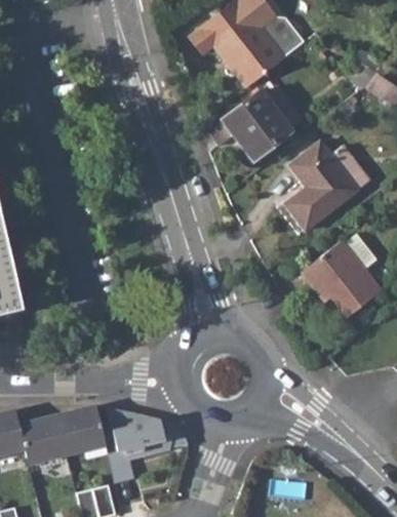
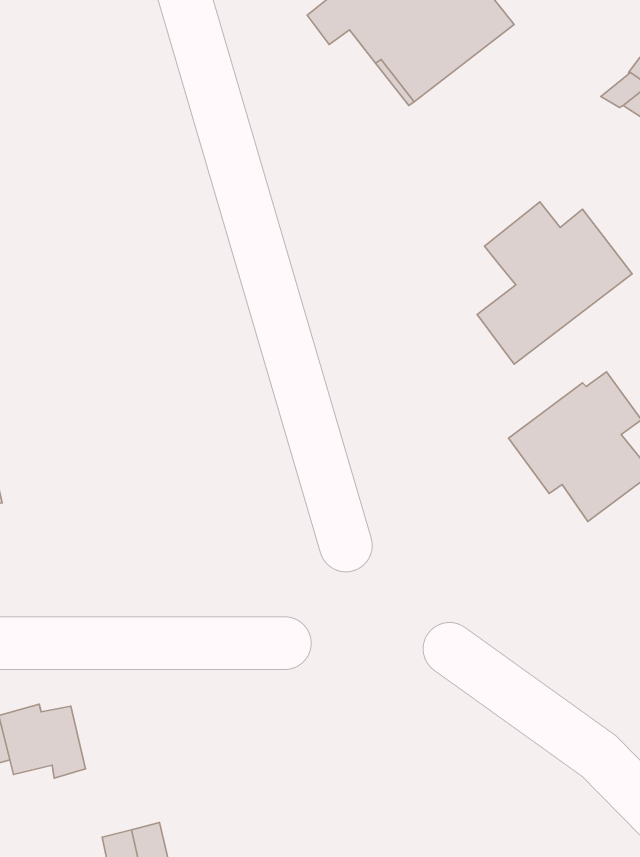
building: [207,89,300,158] -> none
building: [58,407,104,455] -> none
building: [107,408,175,460] -> none

